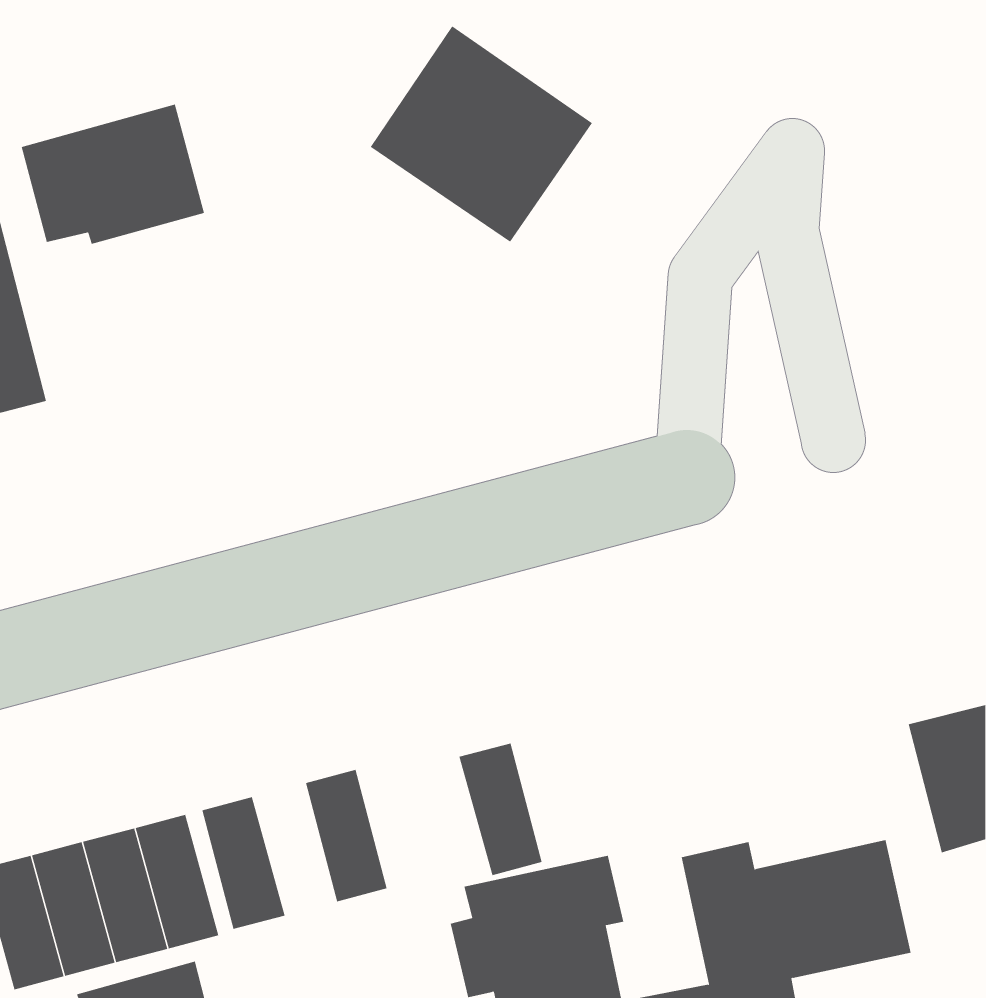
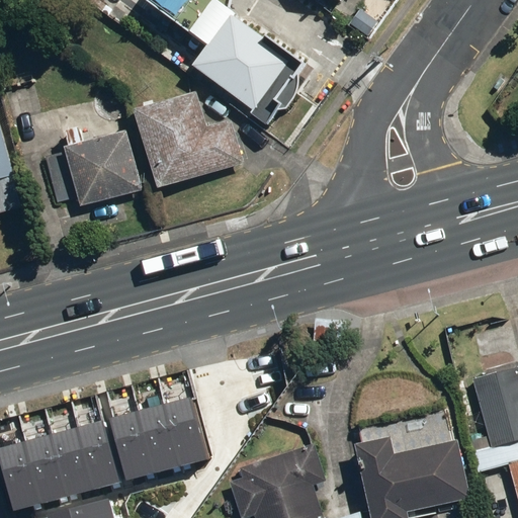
building: [21,104,205,245] -> [45,133,140,205]
building: none -> [136,92,245,189]
building: [458,743,543,876] -> [131,406,174,474]

